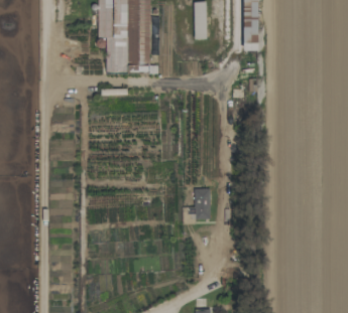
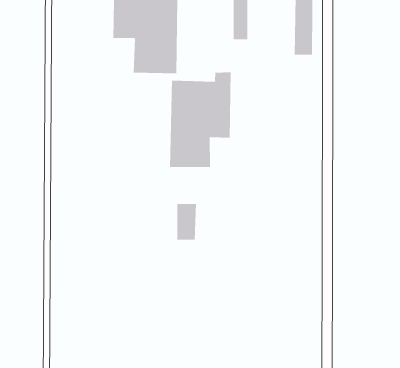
building: none -> [170,72,231,168]
building: [195,190,211,219] -> [176,203,197,240]

